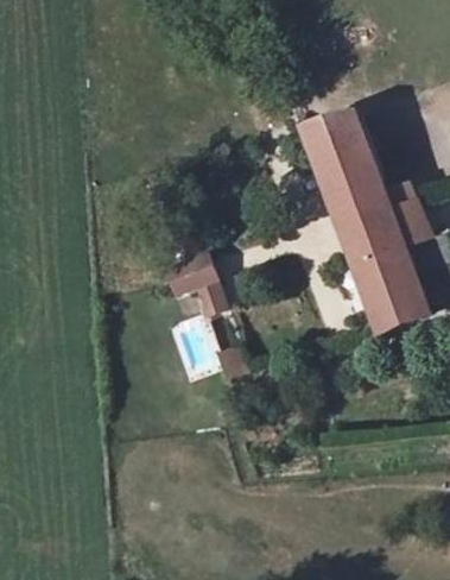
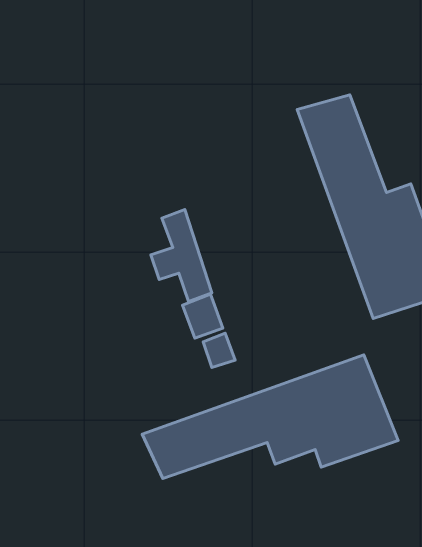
building: none -> [142,355,398,479]

